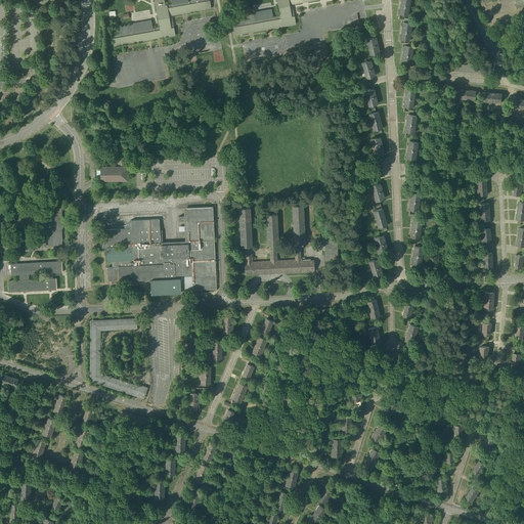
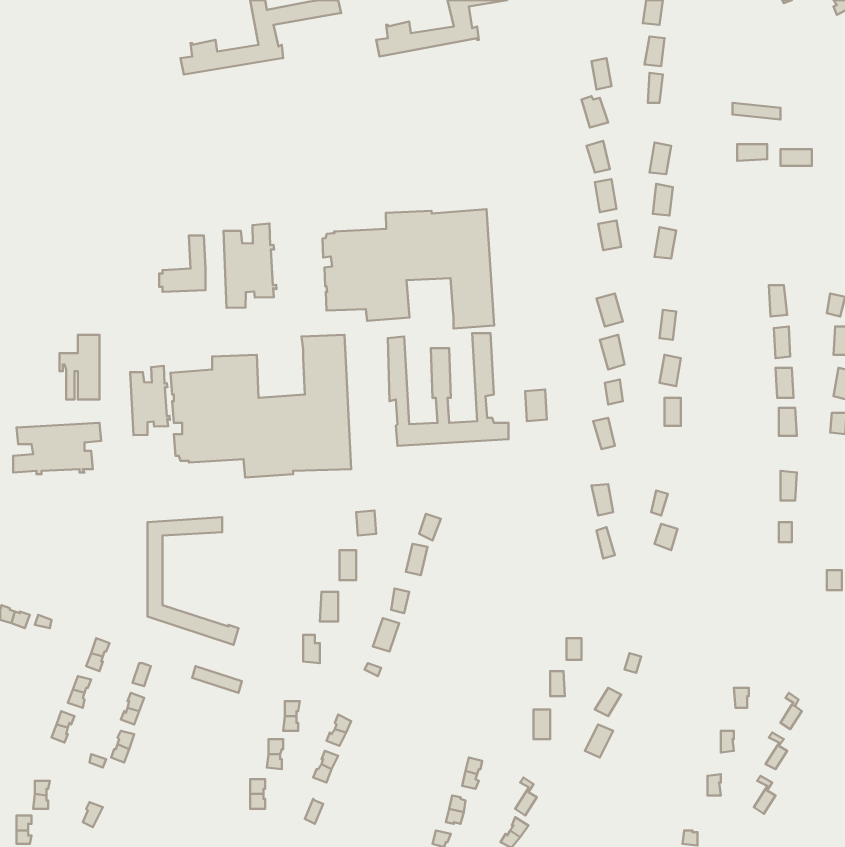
building: none -> [323,209,494,329]
building: none -> [224,223,277,308]
building: none -> [130,366,170,435]

